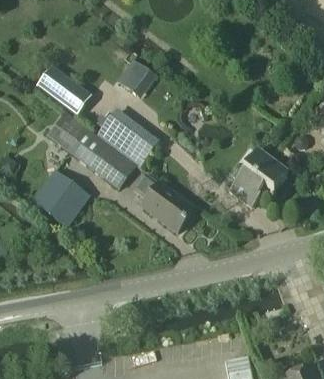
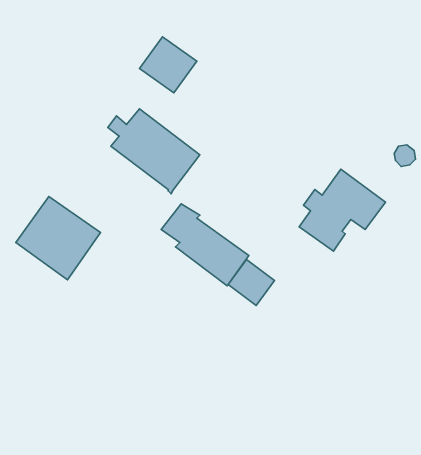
building: [38,65,91,113] -> none
building: [47,111,137,188] -> none
building: none -> [228,259,274,305]

